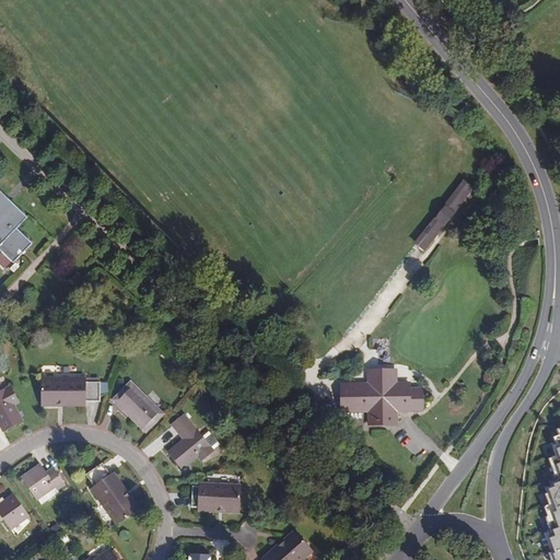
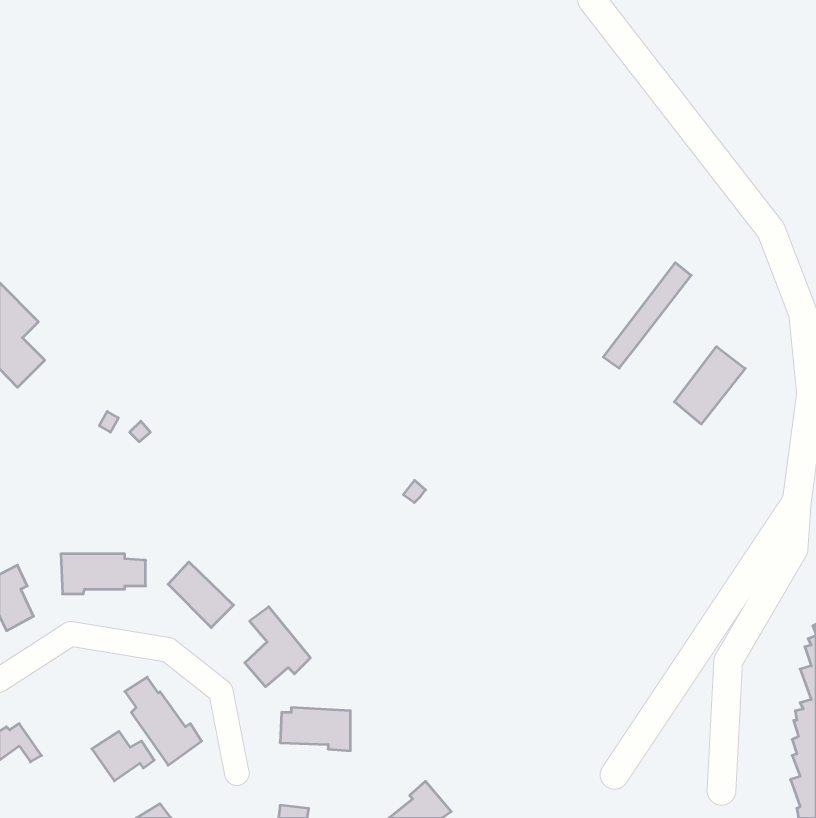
building: none -> [674,347,745,424]
building: [339,369,422,425] -> none
building: [22,465,65,499] -> [92,731,154,781]

